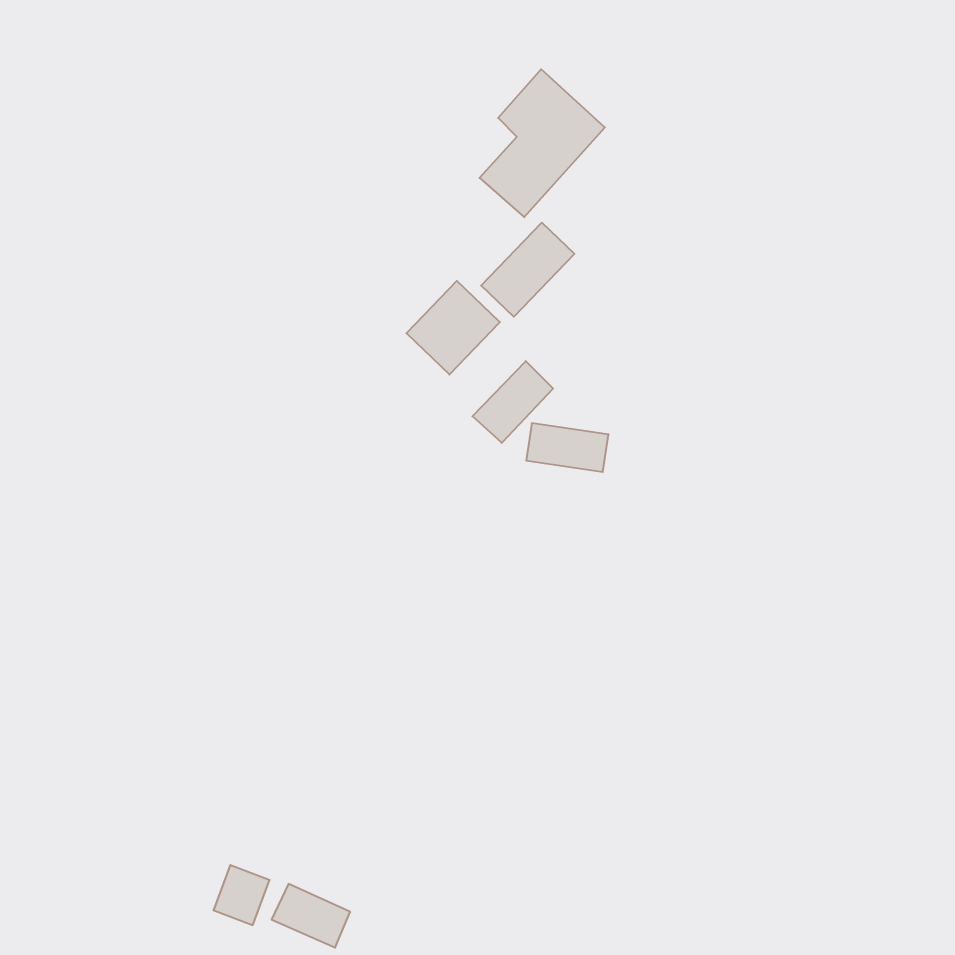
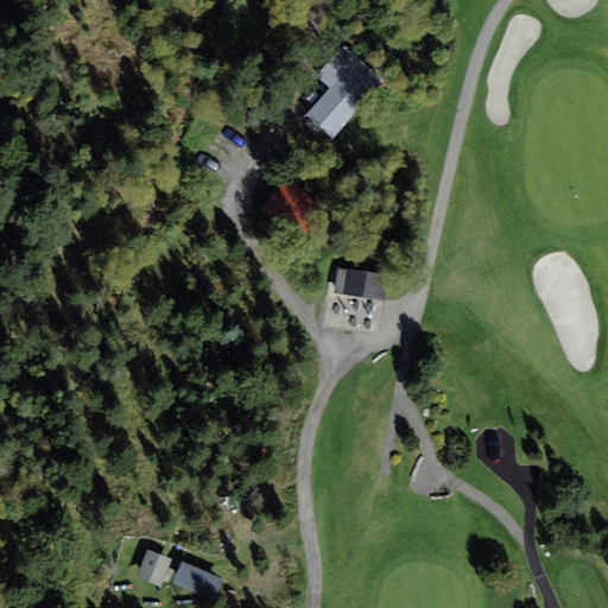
building: [481,223,574,317] -> none
building: [472,361,553,443] -> none

